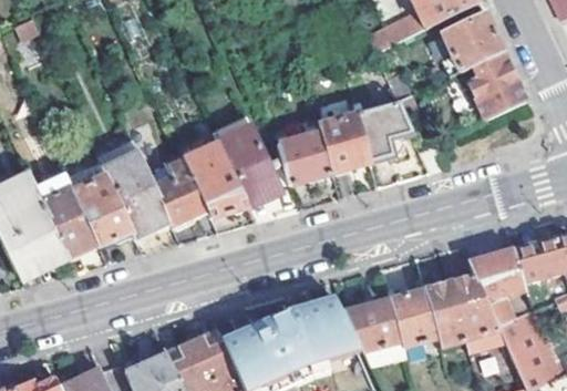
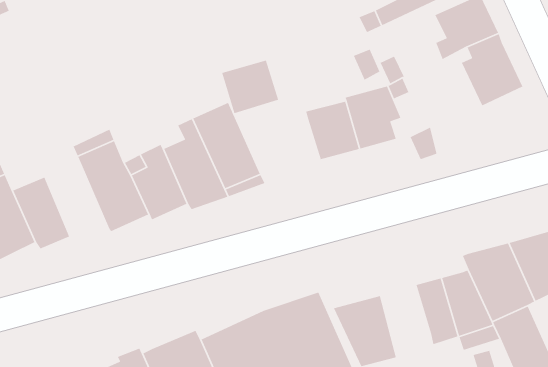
building: [278,131,333,183] -> [221,60,279,114]
building: [66,168,132,245] -> none
building: [391,288,439,346] -> none

